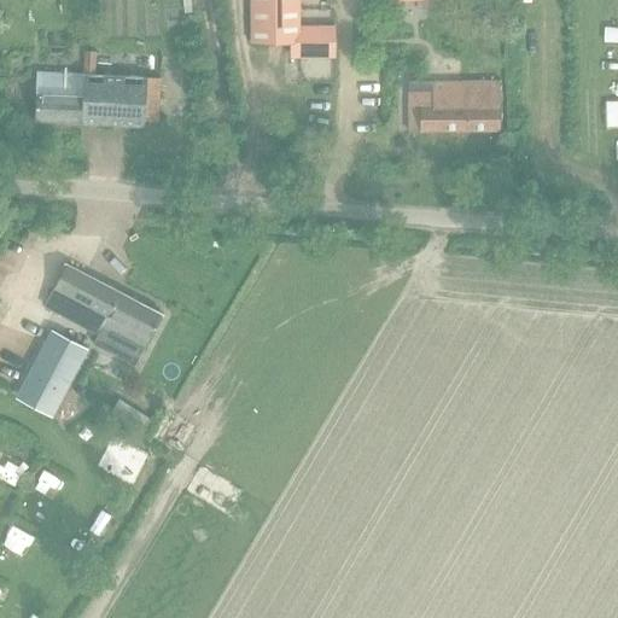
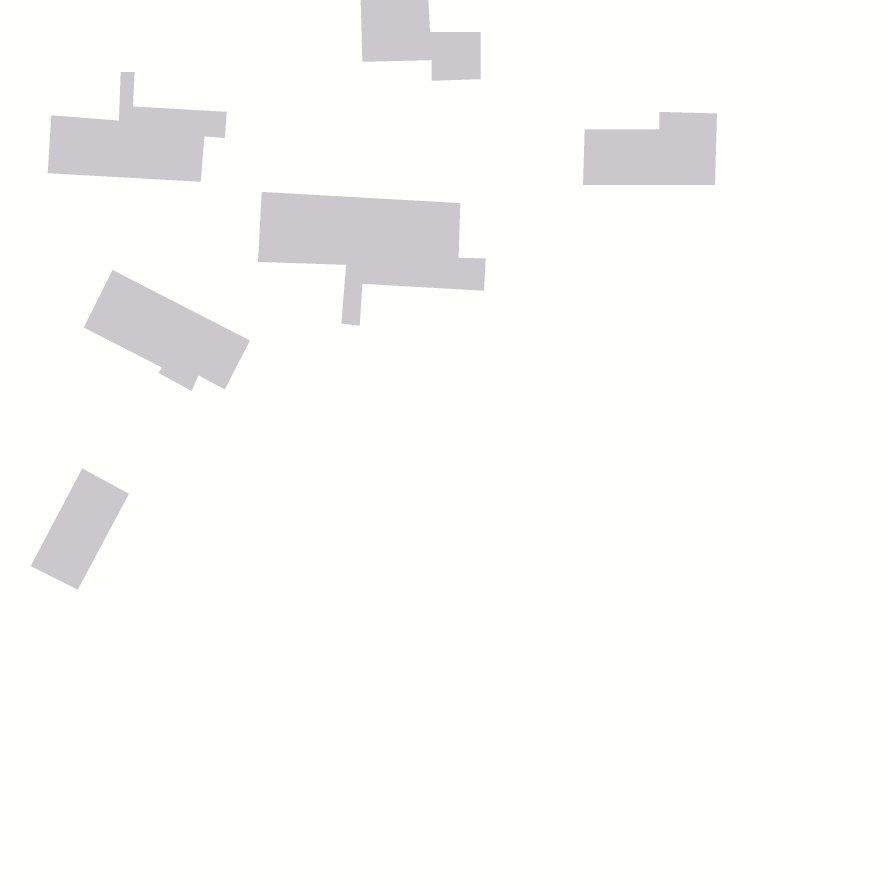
building: none -> [257,191,486,326]
building: [42,264,159,350] -> [83,269,251,392]

